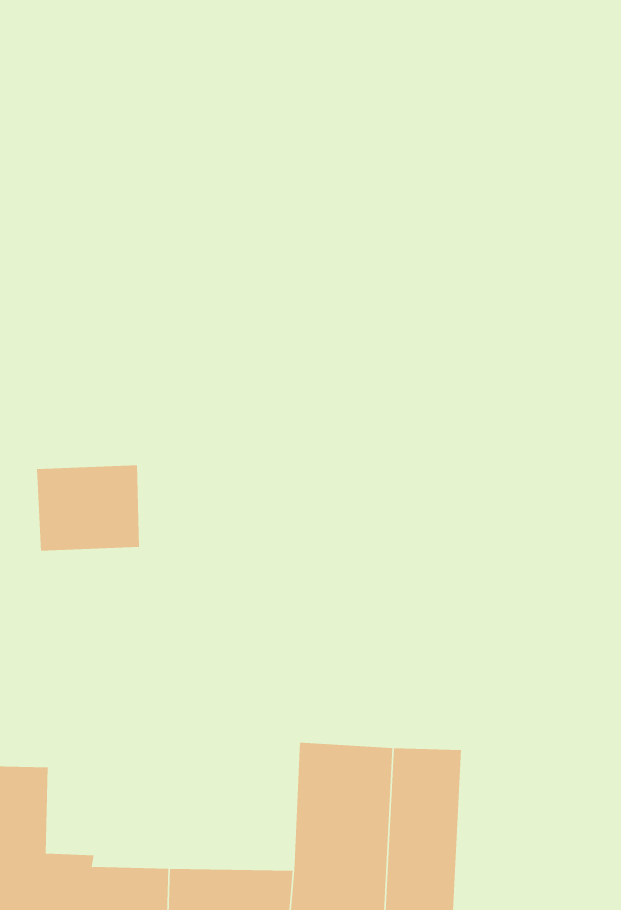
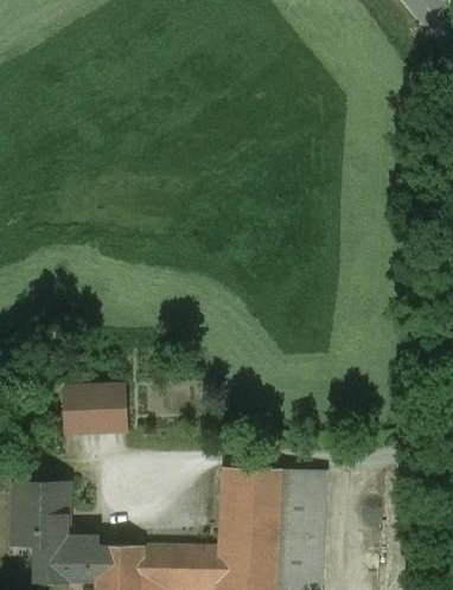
building: [36,465,140,551] -> [63,381,127,435]

